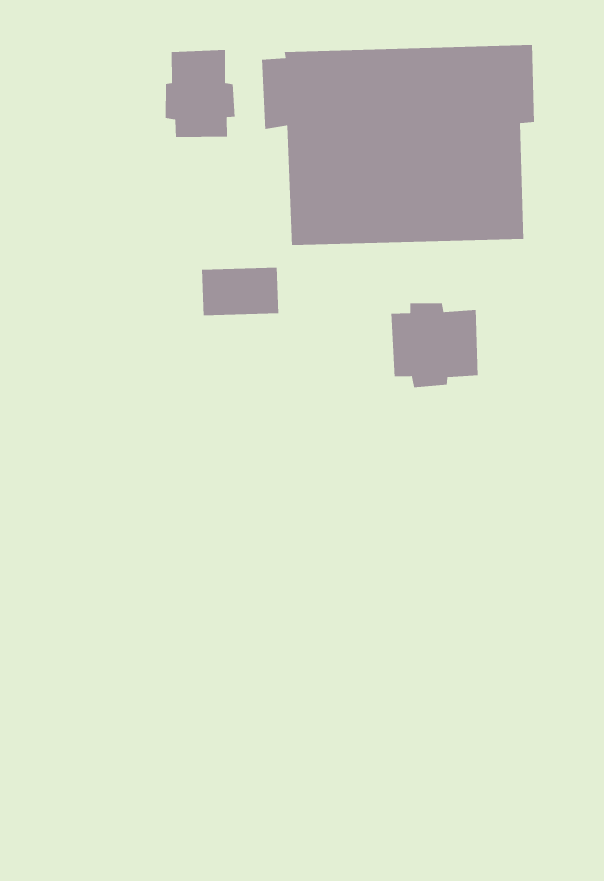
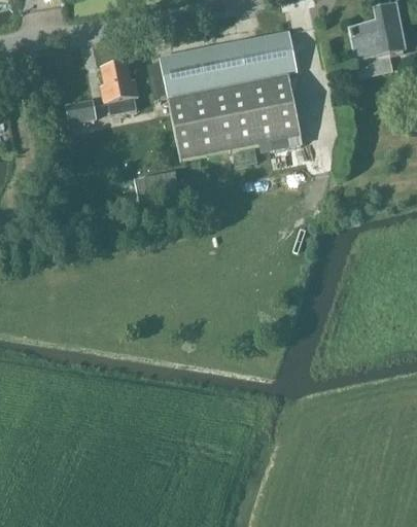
building: none -> [66,98,97,122]
building: [391,303,479,388] -> none

